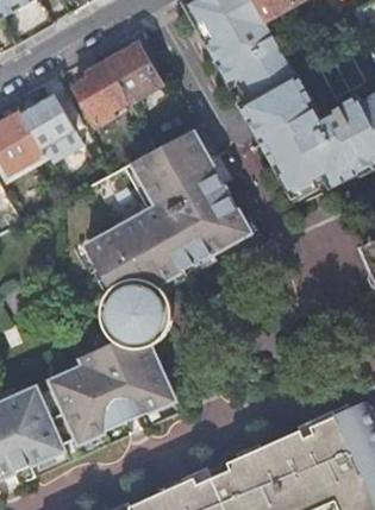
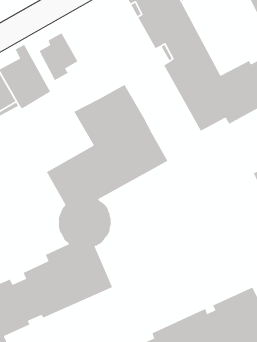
building: [106,42,162,99] -> none

